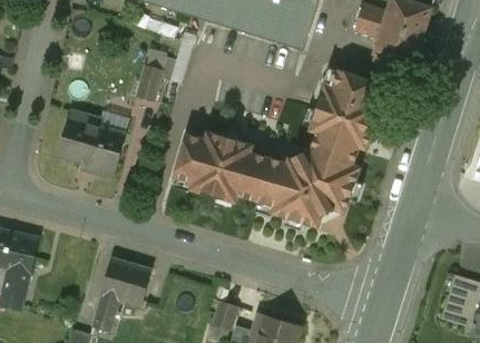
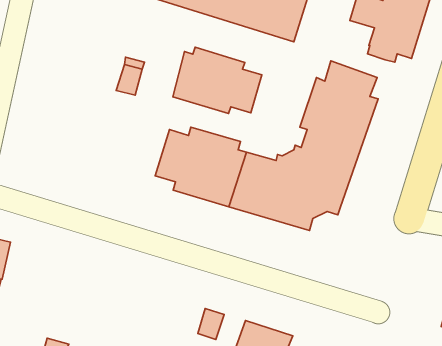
building: none -> [173,47,262,113]
building: [57,109,126,177] -> none
building: [91,257,151,331] -> none

